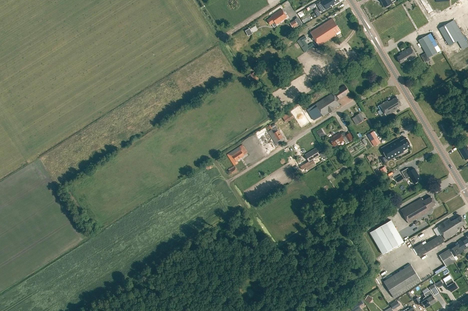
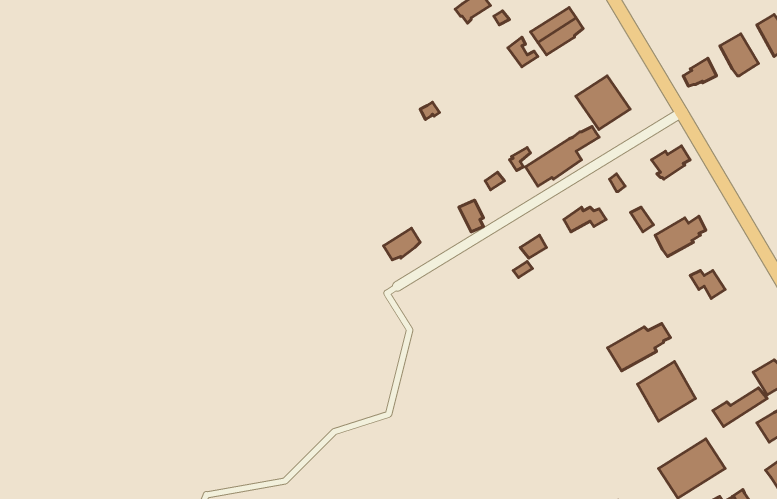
building: none -> [576,76,630,130]
building: [400,196,436,223] -> [607,323,670,371]

